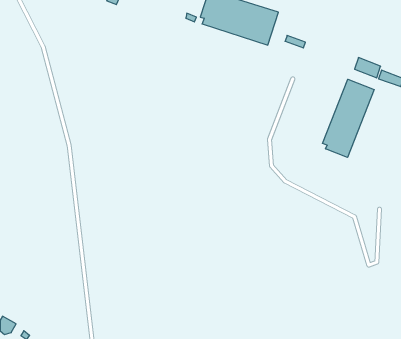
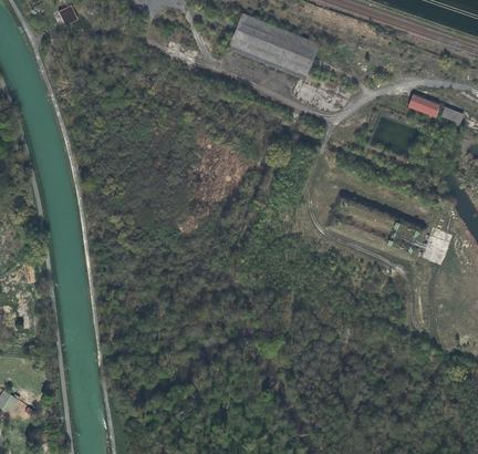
building: [323,79,374,157] -> none

